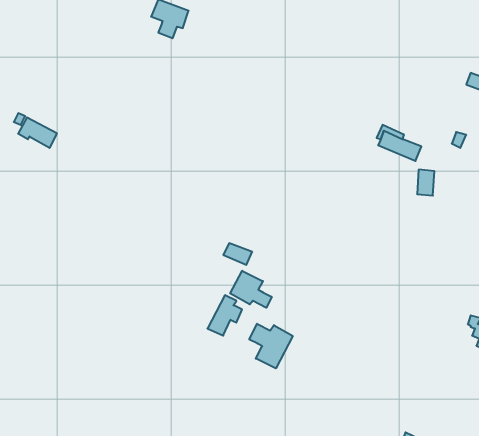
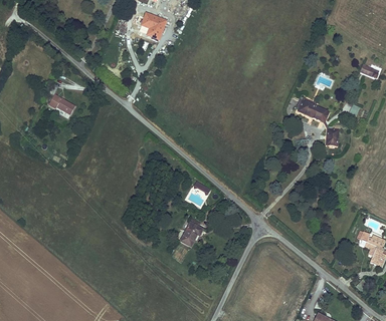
building: [230,271,272,308] -> none
building: [249,324,293,368] -> none

